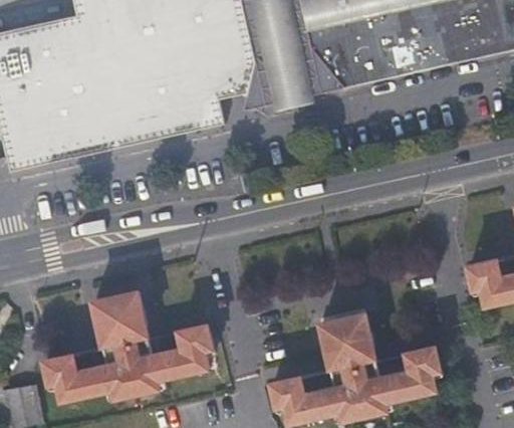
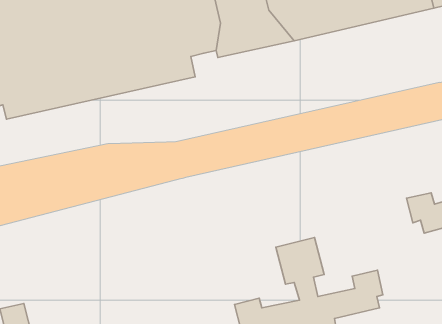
building: [41,292,210,404] -> none

